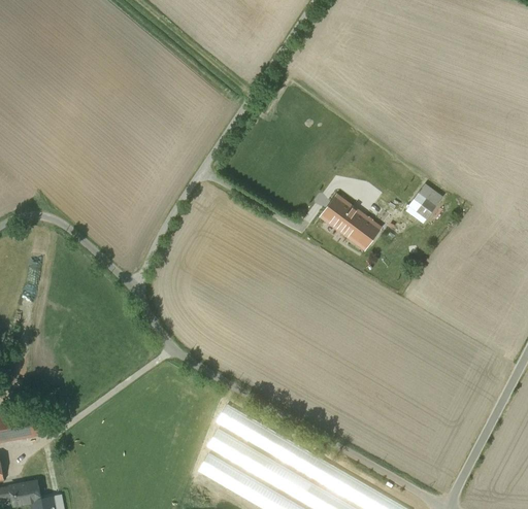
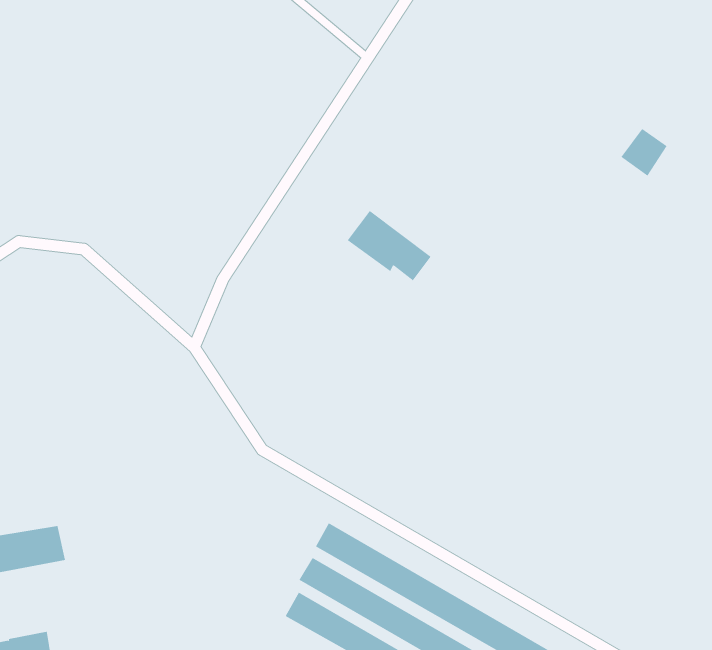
building: [411,188,443,220] -> [621,128,667,176]
building: [323,199,381,247] -> [347,210,431,281]

